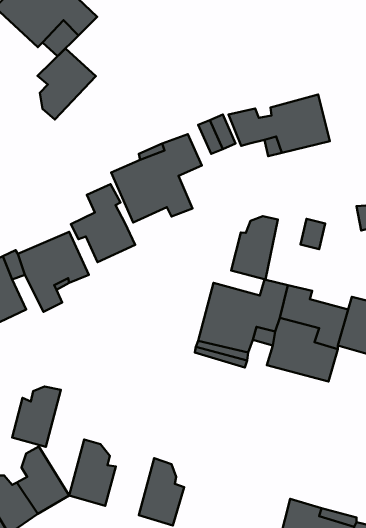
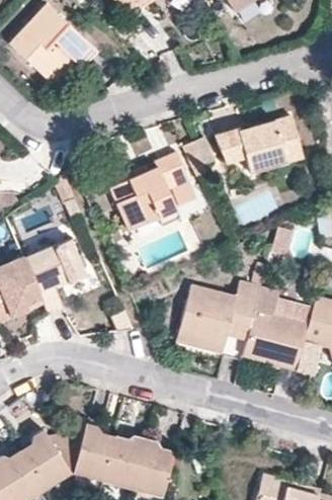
building: [38,48,96,119] -> none
building: [71,184,135,262] -> none
building: [231,216,278,280] -> none
building: [12,386,61,447] -> [102,433,145,486]

